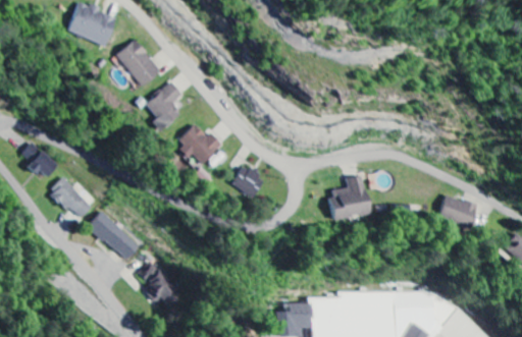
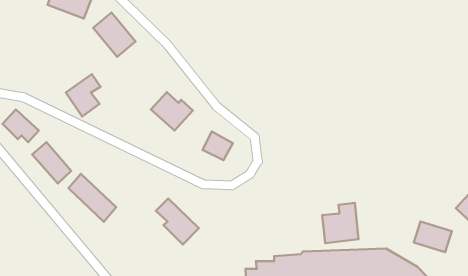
building: [145,82,181,127] -> [66,74,100,116]
building: [328,176,367,219] -> [322,203,359,243]
building: [437,194,478,227] -> [414,221,452,252]
building: [138,262,184,311] -> [156,198,199,244]

